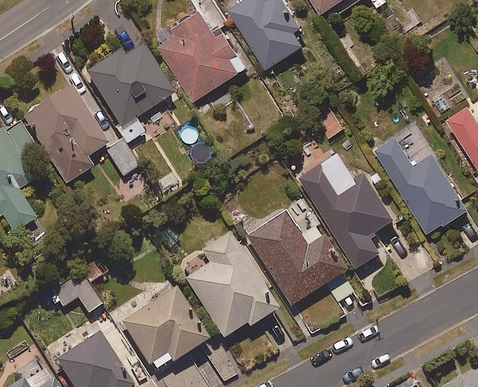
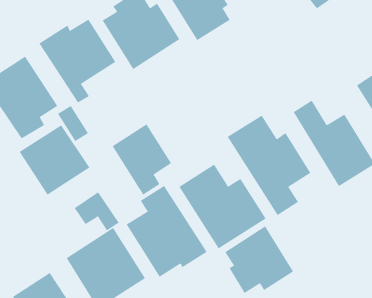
building: none -> [112,124,172,195]
building: none -> [19,124,90,196]
building: [50,267,102,312] -> [74,192,120,231]
building: none -> [225,226,294,294]

